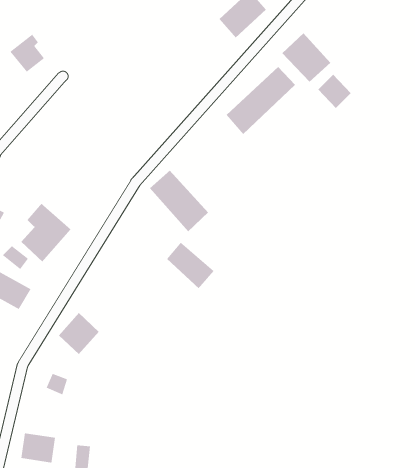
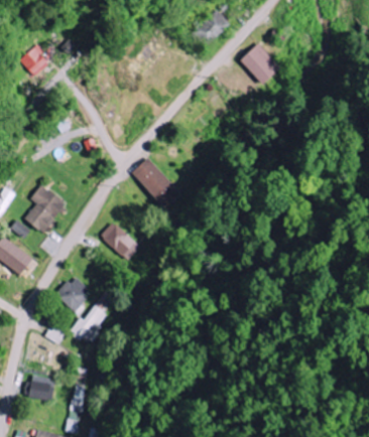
building: [226,66,296,135] -> none
building: [318,74,352,109] -> none
building: [166,242,215,289] -> [101,222,141,261]
building: none -> [70,291,112,343]

